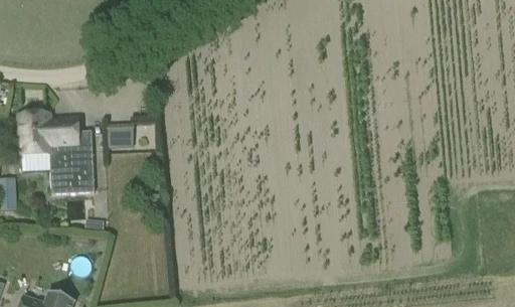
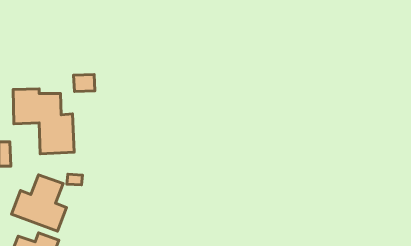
building: [106,123,132,144] -> [74,75,95,92]
building: none -> [11,175,66,231]

